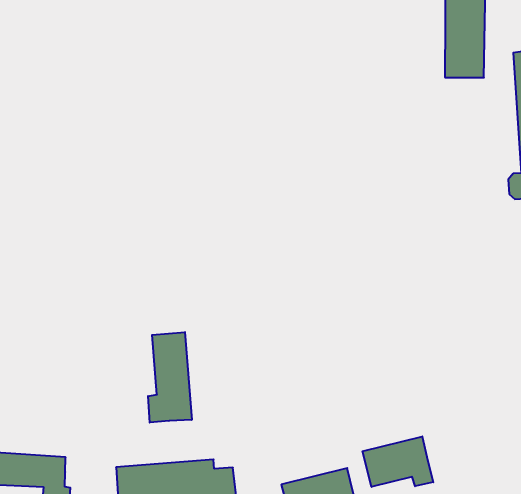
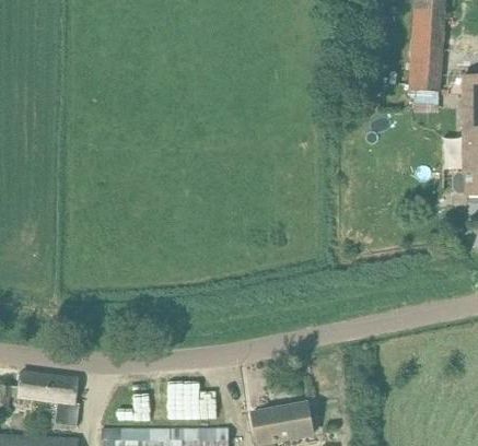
building: [148,332,192,423] -> none
building: [362,436,433,487] -> none

